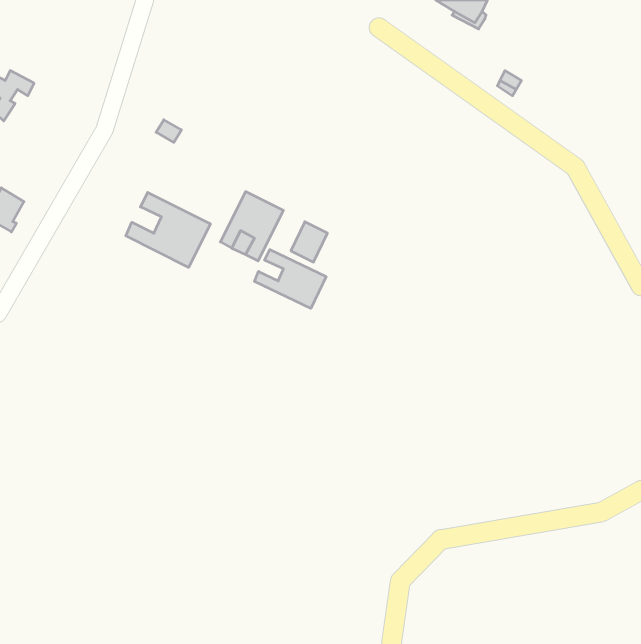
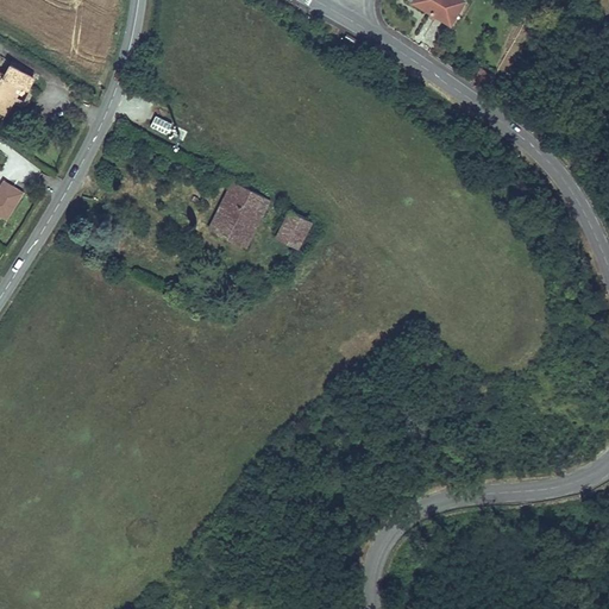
building: [126,192,210,267] -> none
building: [254,250,326,308] -> none

